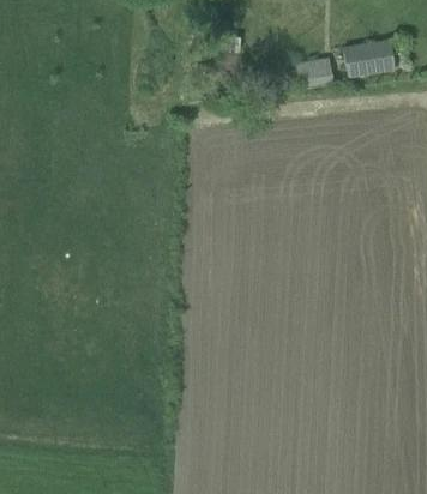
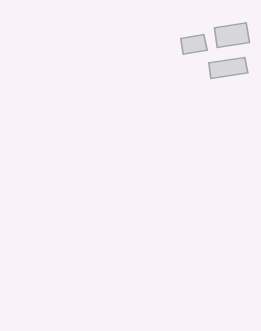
building: none -> [209,58,248,79]

